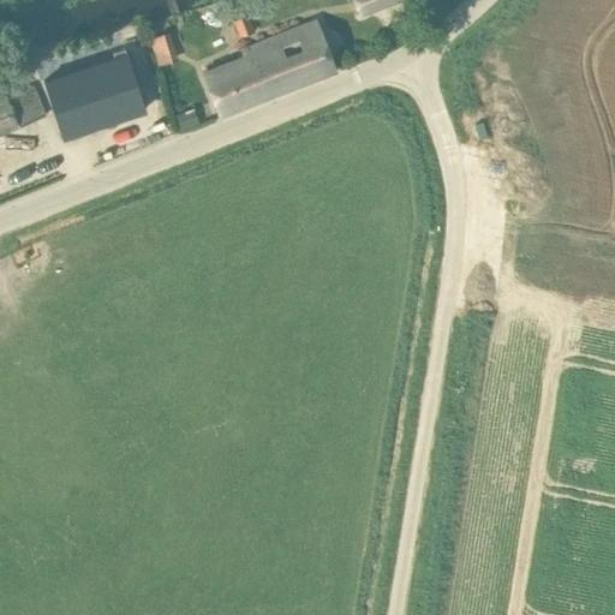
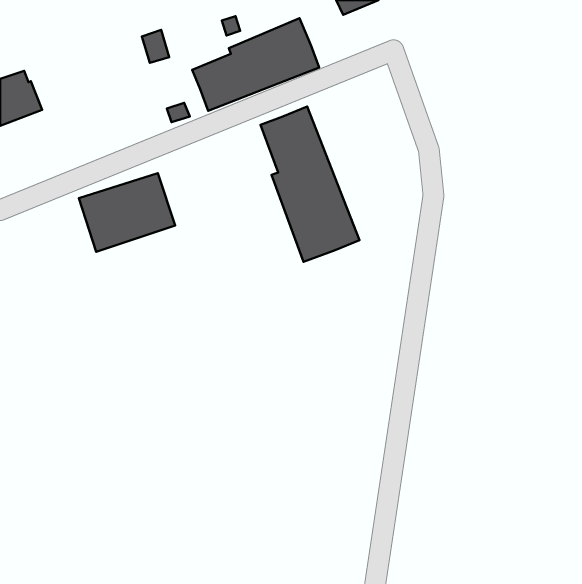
building: [46,54,147,137] -> [79,173,175,252]
building: none -> [260,107,360,262]

